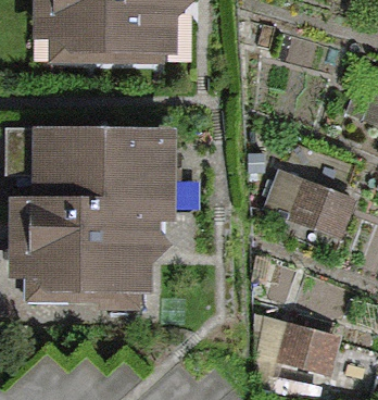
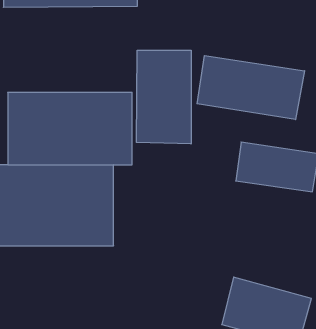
building: none -> [136,50,191,144]
building: none -> [197,56,305,120]

